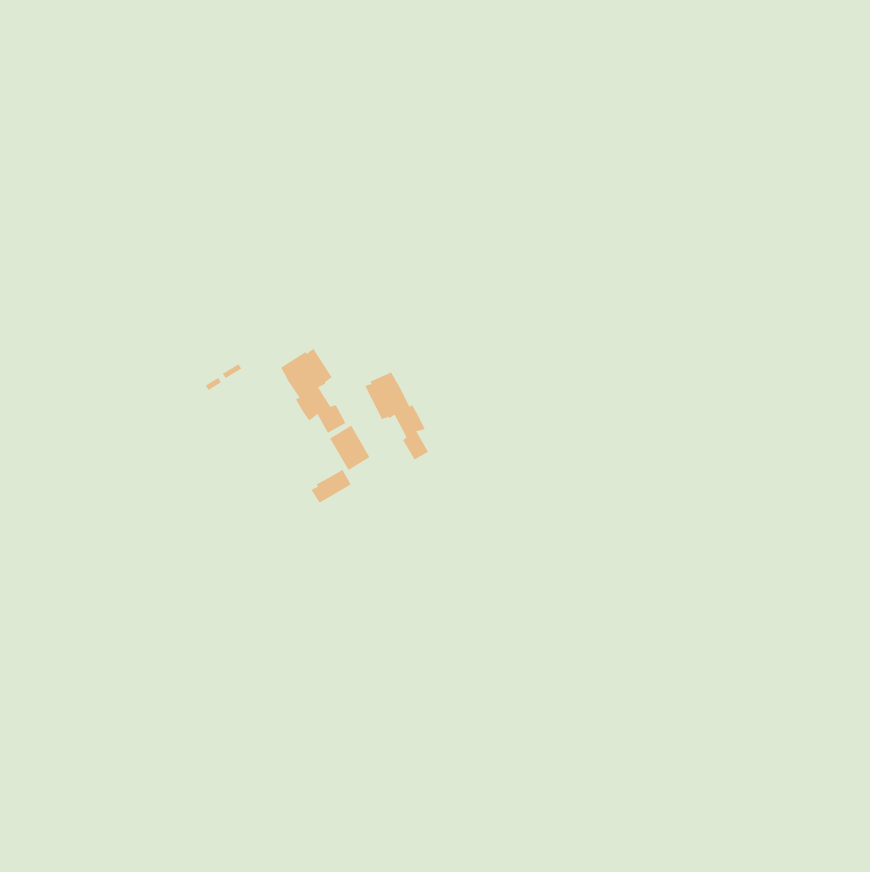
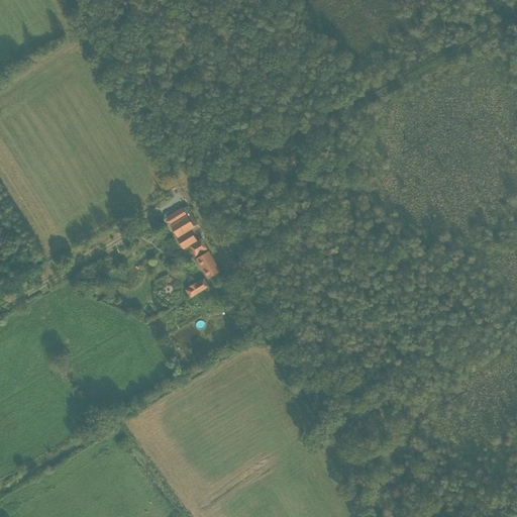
building: [364,371,429,461] -> none

